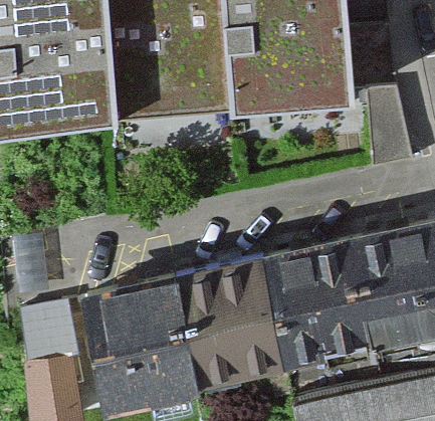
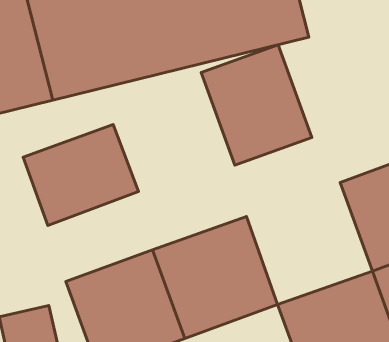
building: none -> [201,45,312,165]
building: none -> [23,124,139,225]
building: [271,245,378,347] -> none

